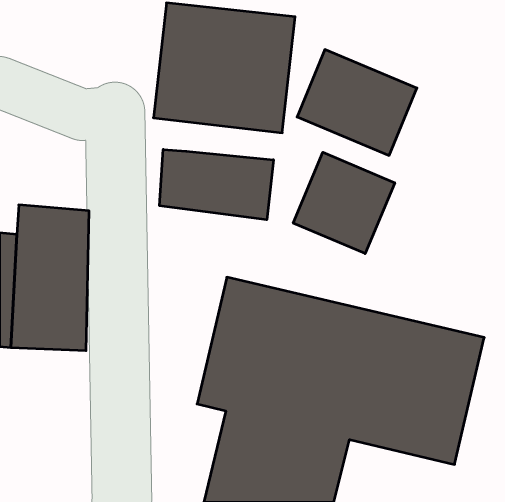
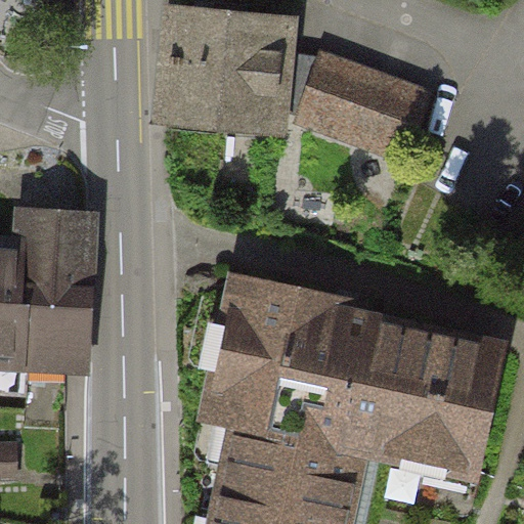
building: [160,149,273,220] -> none
building: [293,152,395,254] -> none

